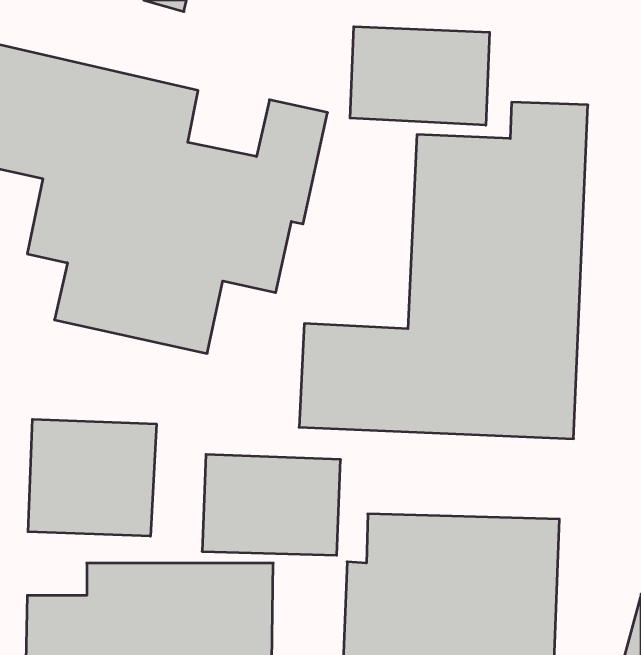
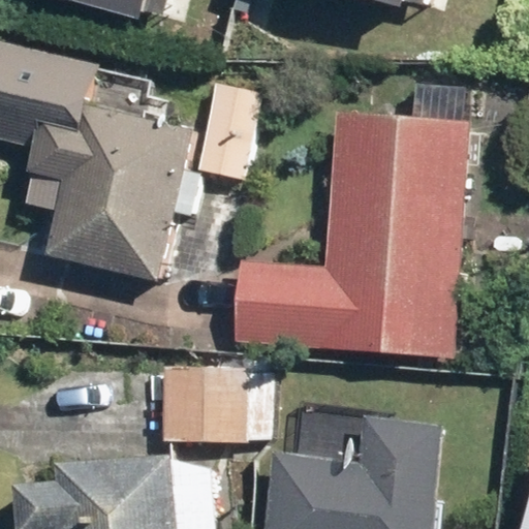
building: [350,27,490,125] -> none
building: [28,419,156,536] -> none

